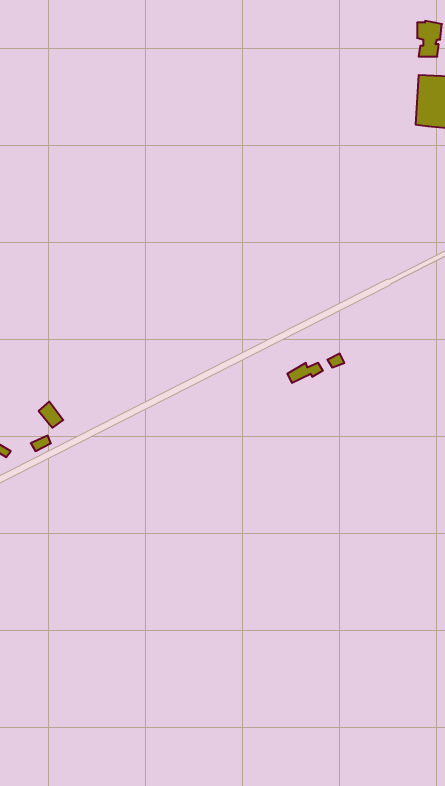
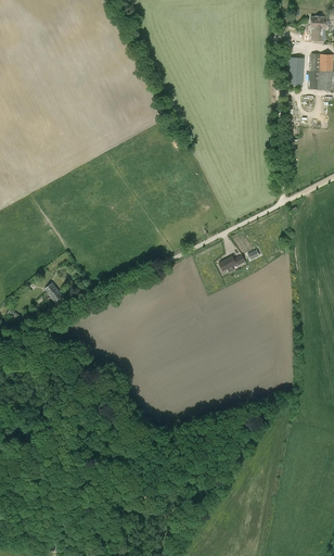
building: none -> [287,56,304,85]

